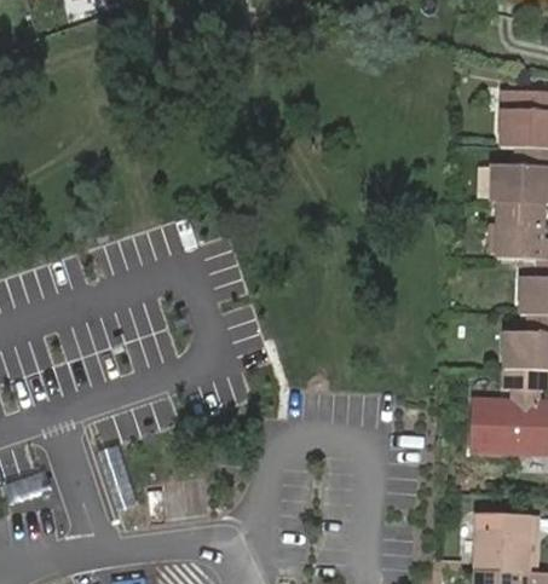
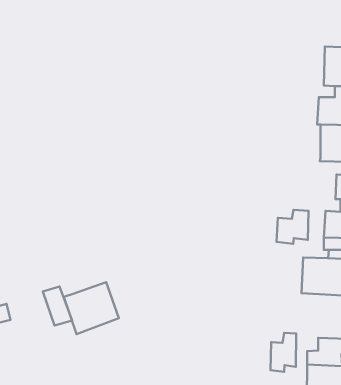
building: none -> [277,210,308,244]
building: none -> [64,282,119,334]
building: none -> [270,333,296,372]

